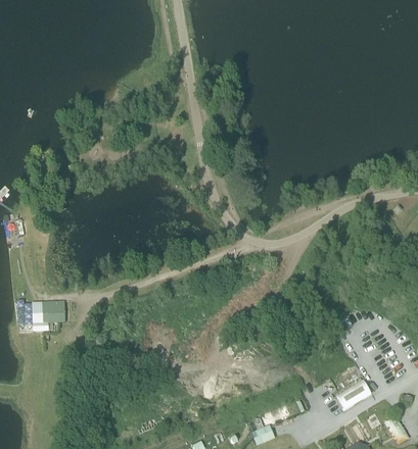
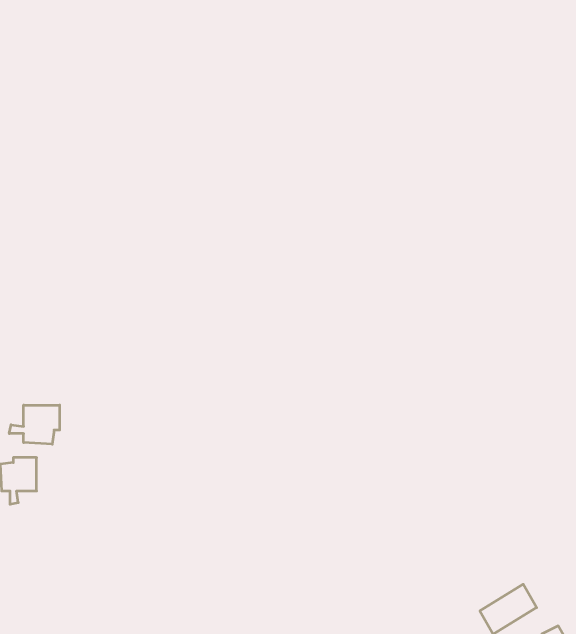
building: none -> [9,405,60,444]

